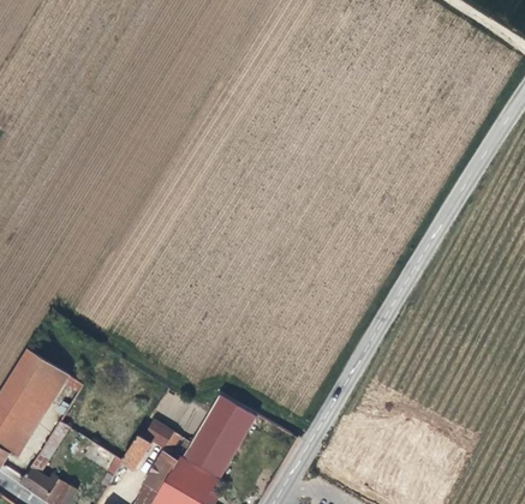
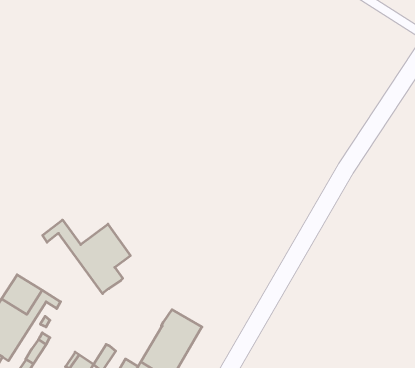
building: none -> [43,220,130,294]
building: [143,420,179,452] -> none

